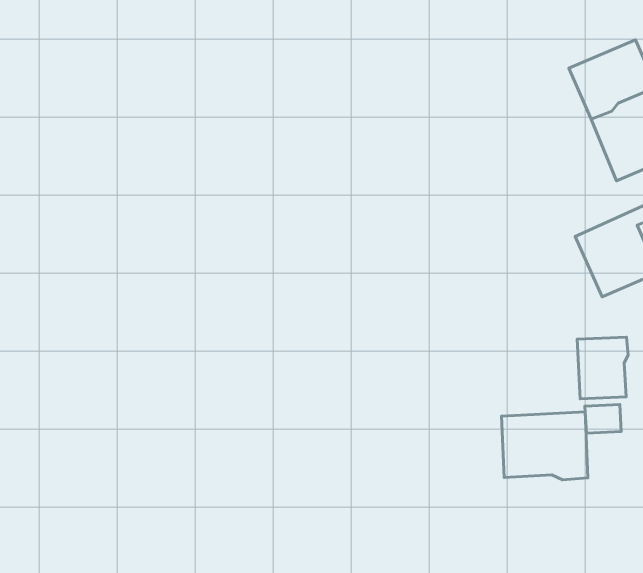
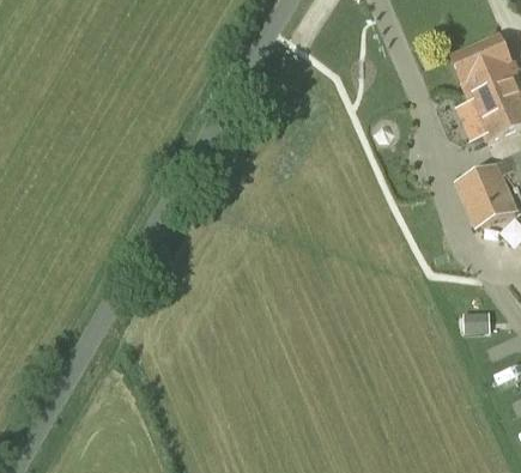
building: [577,337,628,399] -> none
building: [501,412,588,480] -> none

